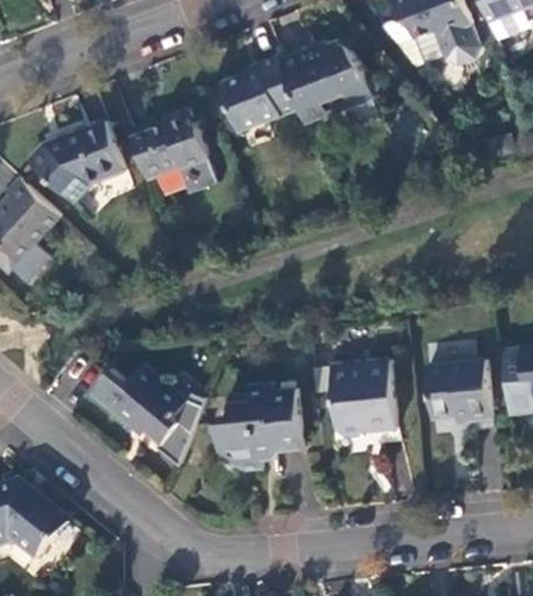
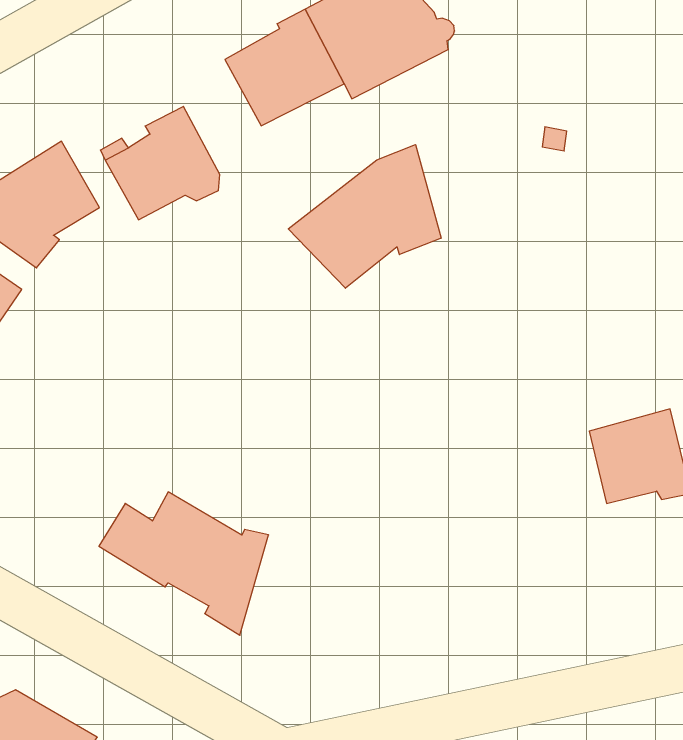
building: none -> [288,145,441,288]
building: [330,356,397,435] -> none
building: [213,378,302,466] -> none

